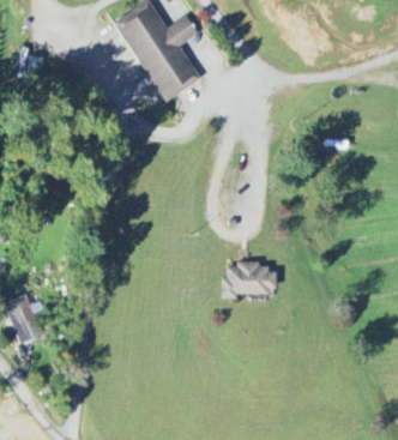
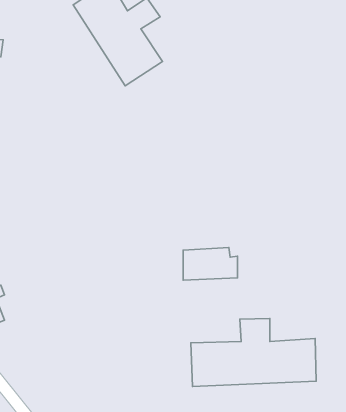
building: none -> [191,319,316,387]

